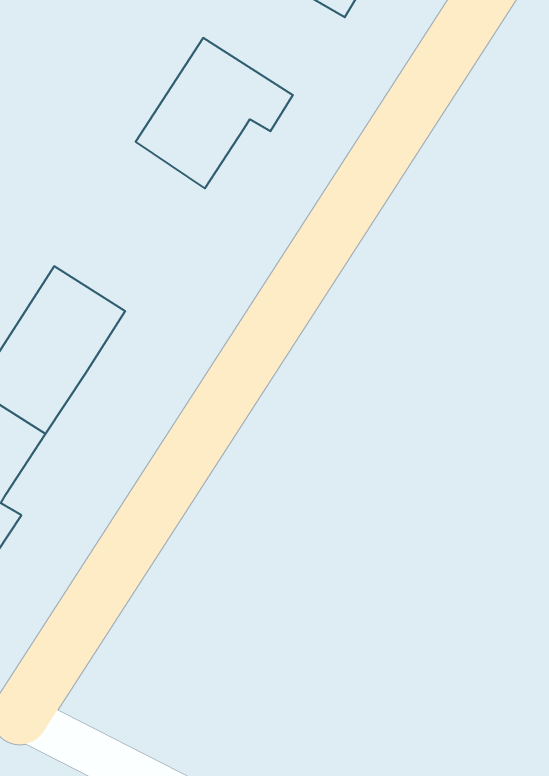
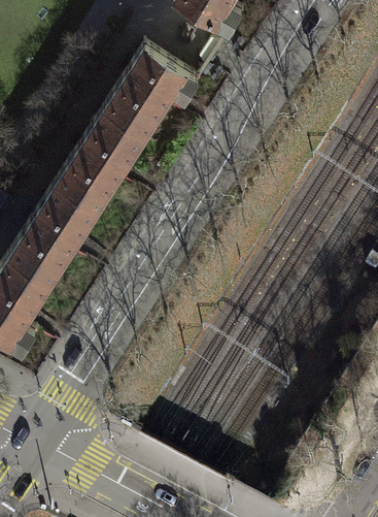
building: none -> [57,109,146,211]

